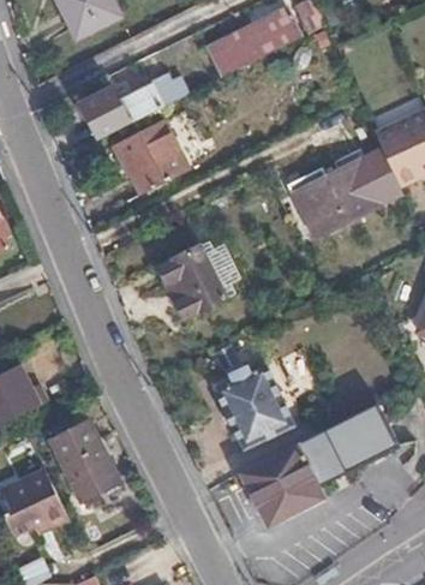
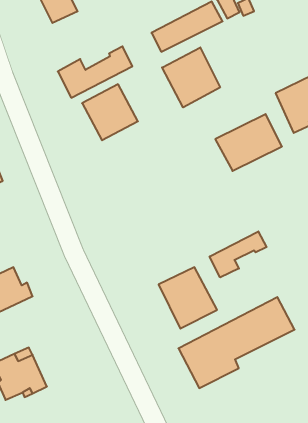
building: none -> [162,47,220,107]
building: [158,245,226,320] -> none
building: none -> [210,231,267,277]
building: [49,422,116,500] -> none

